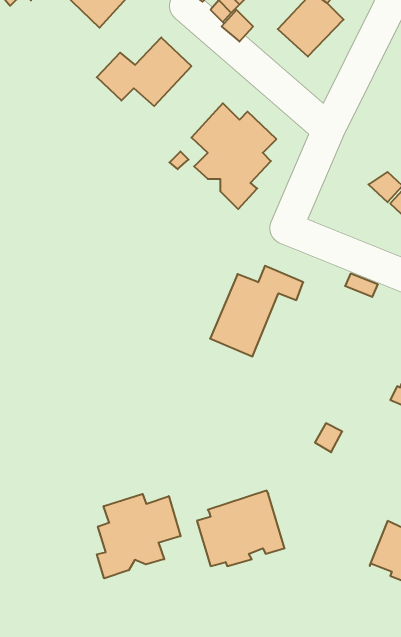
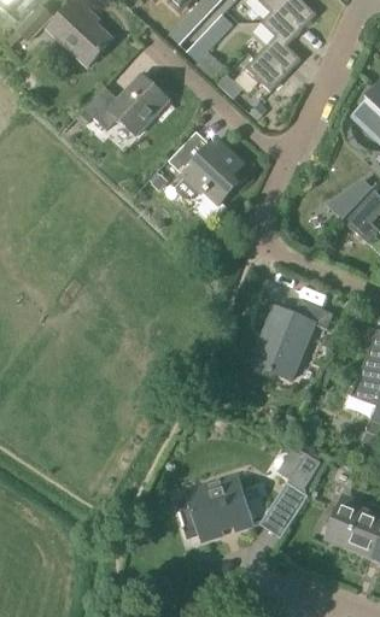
building: [210,266,303,356] -> [251,298,333,377]
building: none -> [259,447,321,536]
building: [97,494,181,578] -> none

